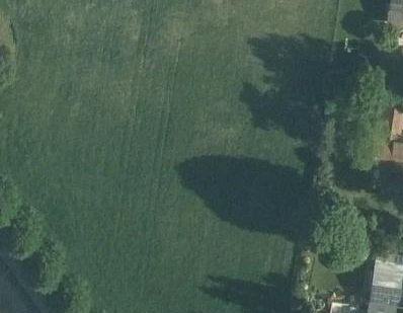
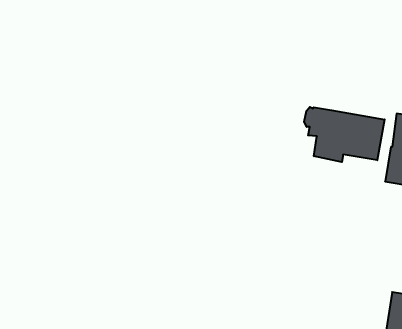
building: none -> [304,107,385,162]

